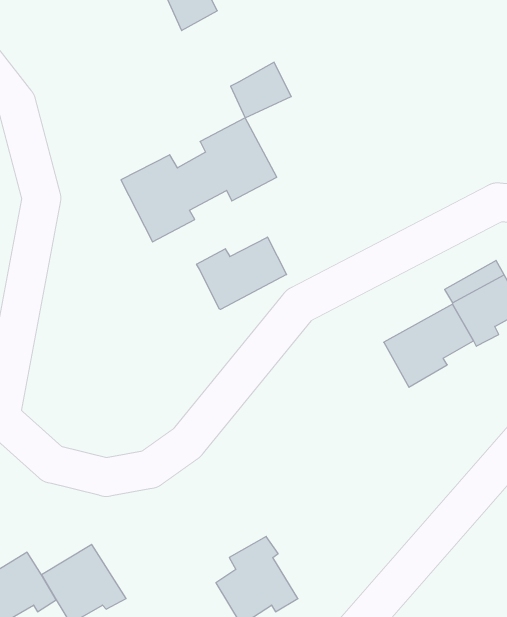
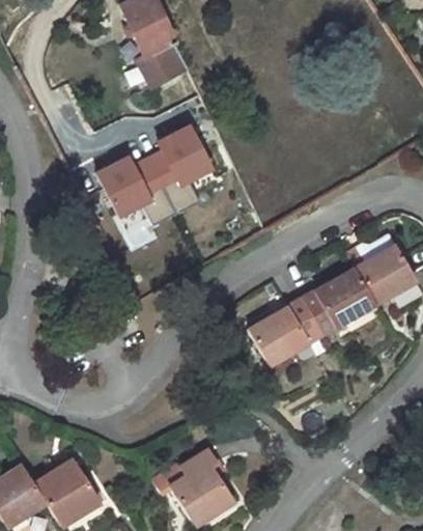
building: [231,62,291,118] -> [137,39,185,83]
building: [197,237,287,309] -> none
building: none -> [249,300,321,360]

